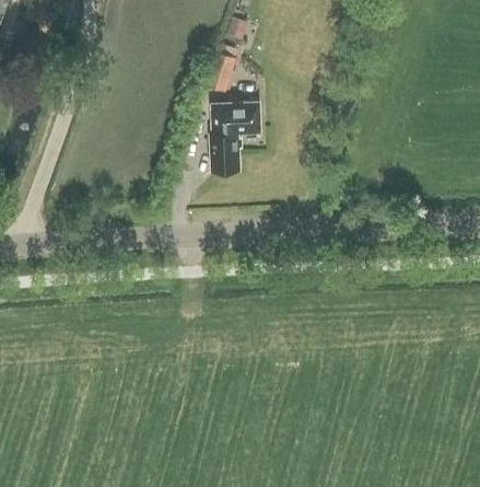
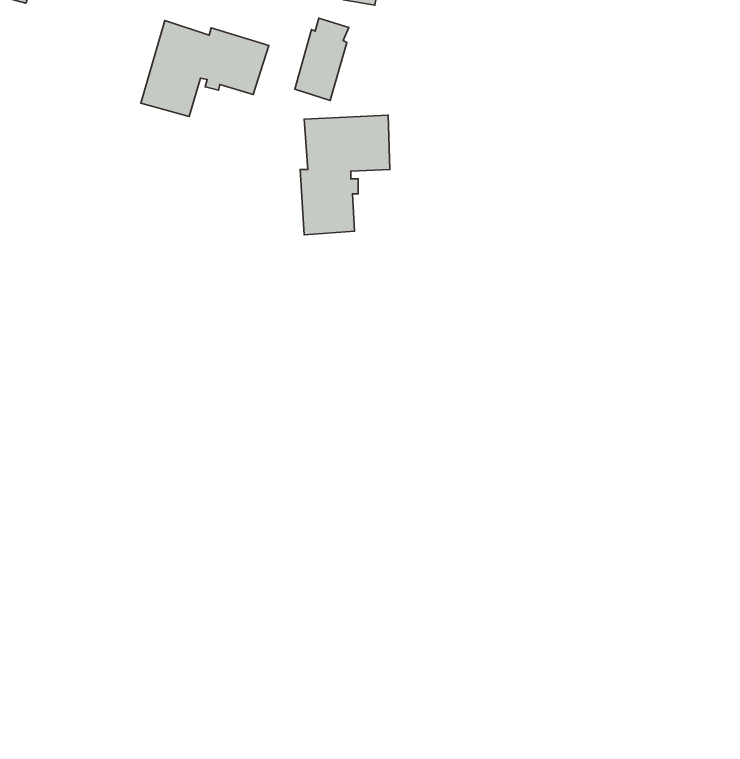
building: none -> [141,21,269,116]

